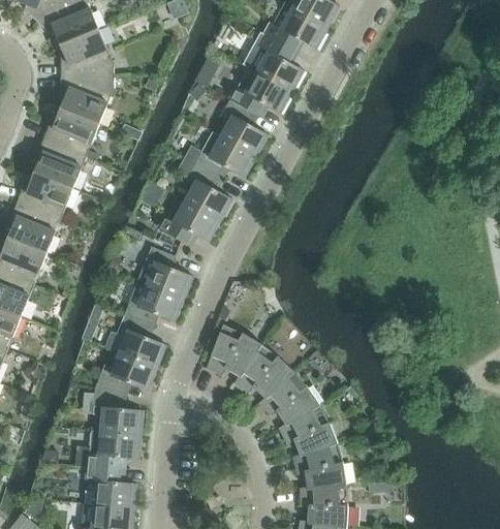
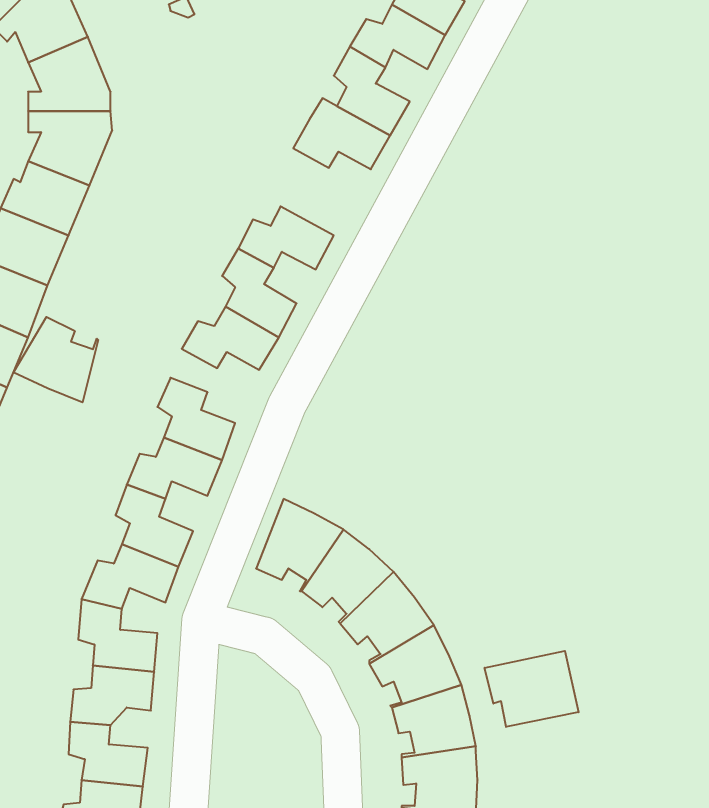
building: [220,100,268,156] -> none
building: none -> [13,317,98,402]
building: none -> [485,651,579,727]

